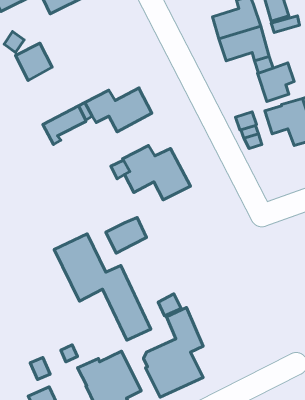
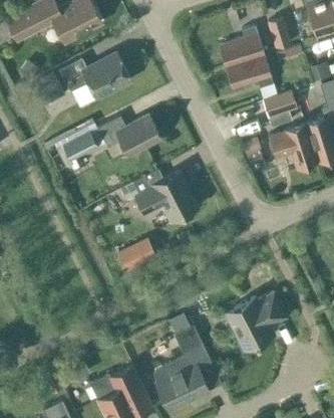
building: none -> [58,53,129,96]
building: [54,234,151,340] -> none
building: none -> [225,292,286,353]

